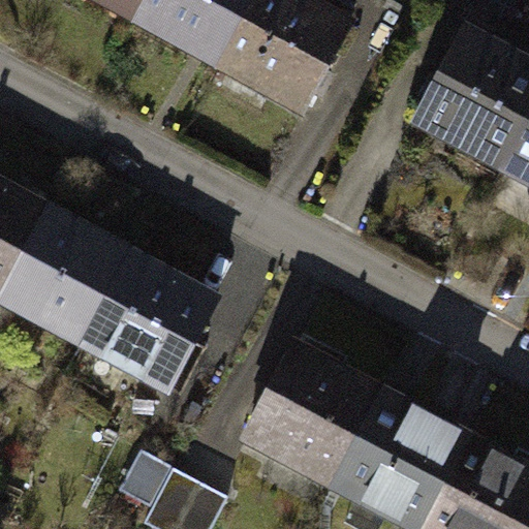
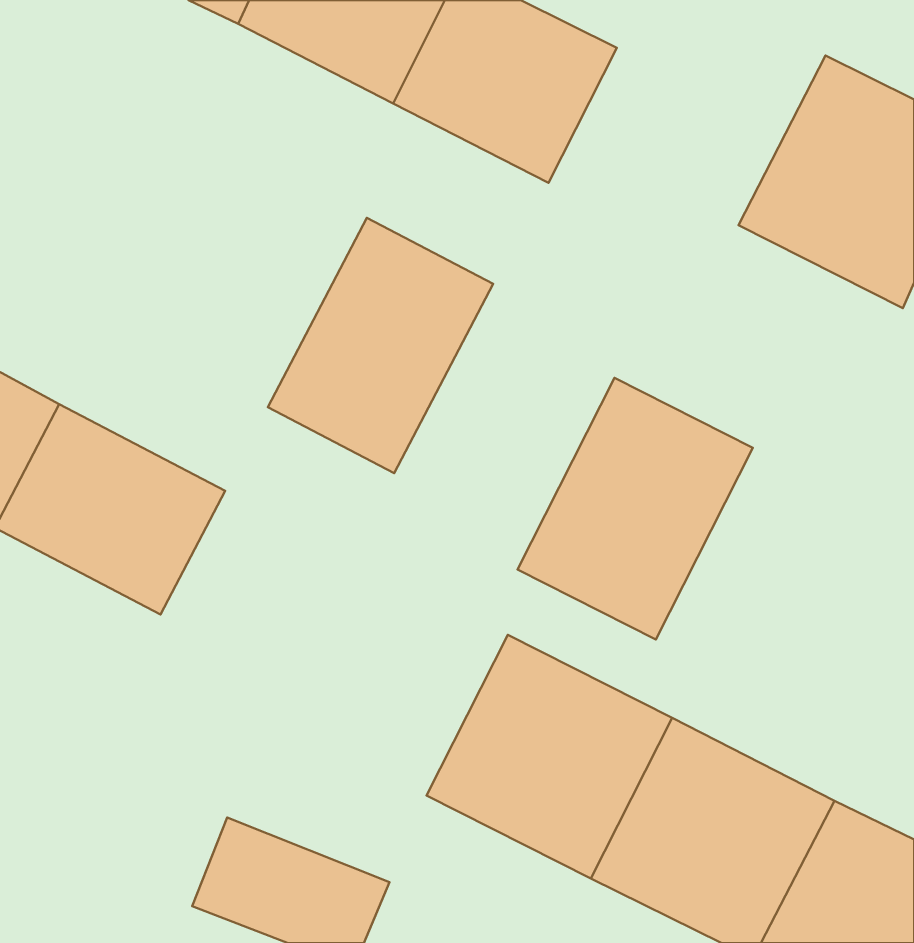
building: none -> [268,218,493,473]
building: none -> [518,378,753,640]
building: [90,275,219,393] -> none

